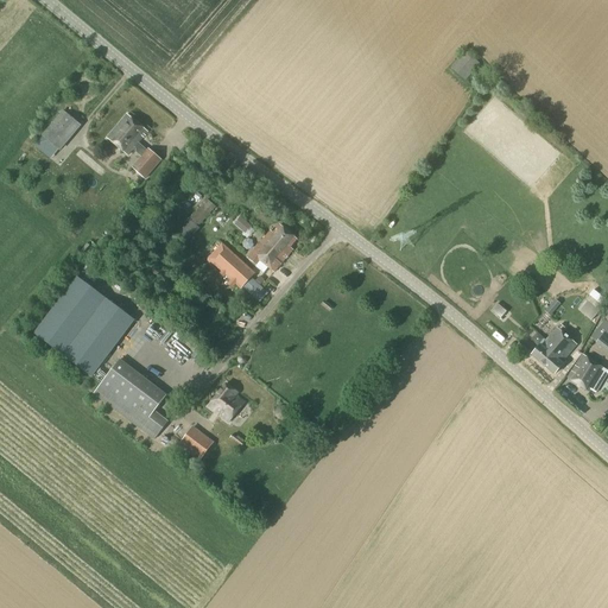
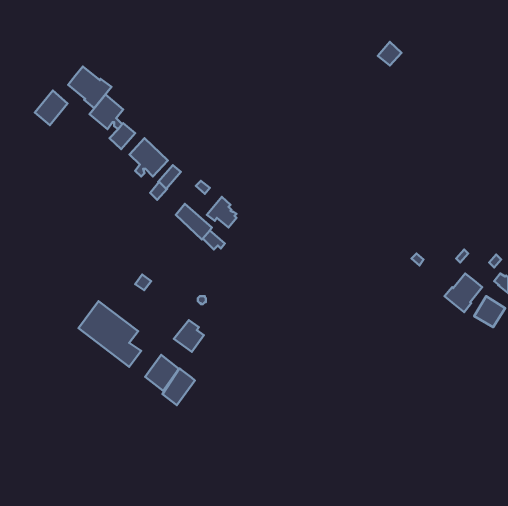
building: none -> [68,66,112,108]
building: none -> [129,138,168,177]
building: [265,223,297,260] -> none
building: [33,276,134,375] -> none
building: none -> [163,368,195,405]

